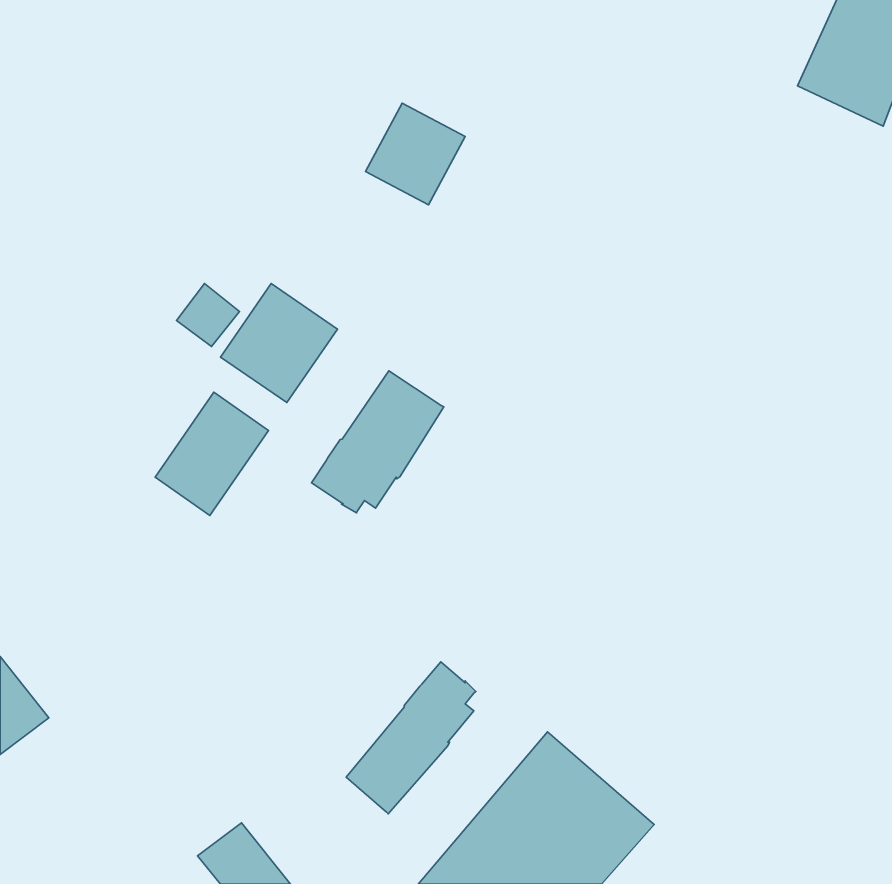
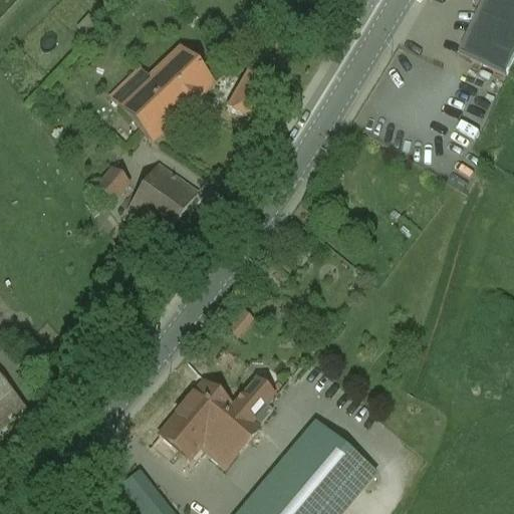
building: none -> [115,44,213,140]
building: [311,371,444,513] -> none
building: [155,392,269,516] -> none
building: none -> [160,380,233,458]

